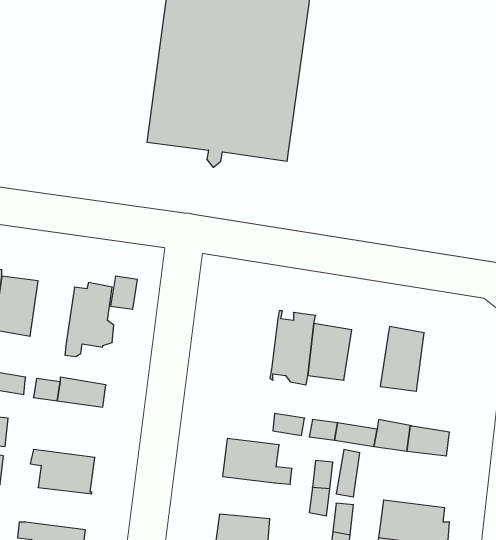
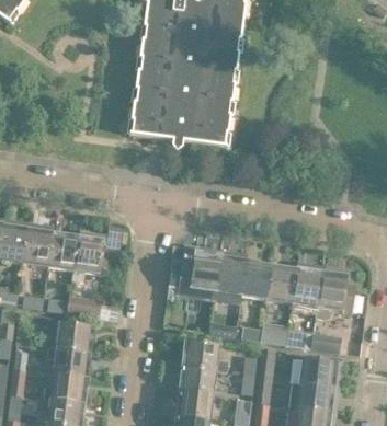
building: none -> [46,230,77,272]
building: none -> [177,245,219,298]
building: none -> [264,264,295,303]
building: none -> [314,266,365,319]
building: none -> [48,322,93,353]
building: none -> [292,356,343,388]
building: none -> [178,366,216,395]
building: none -> [43,373,89,403]

